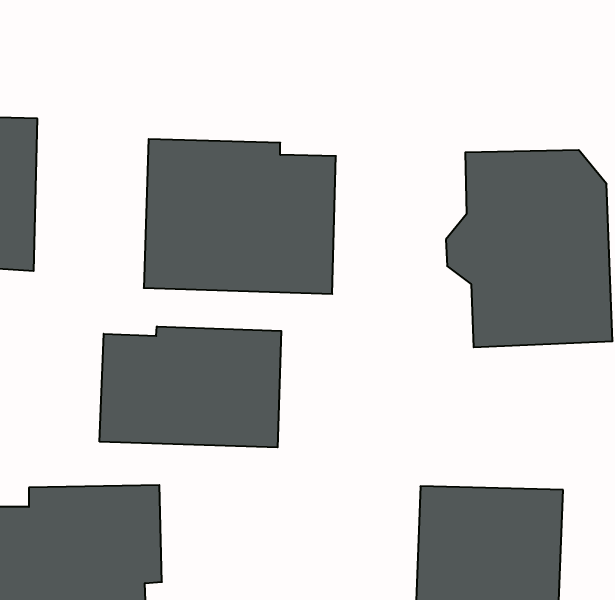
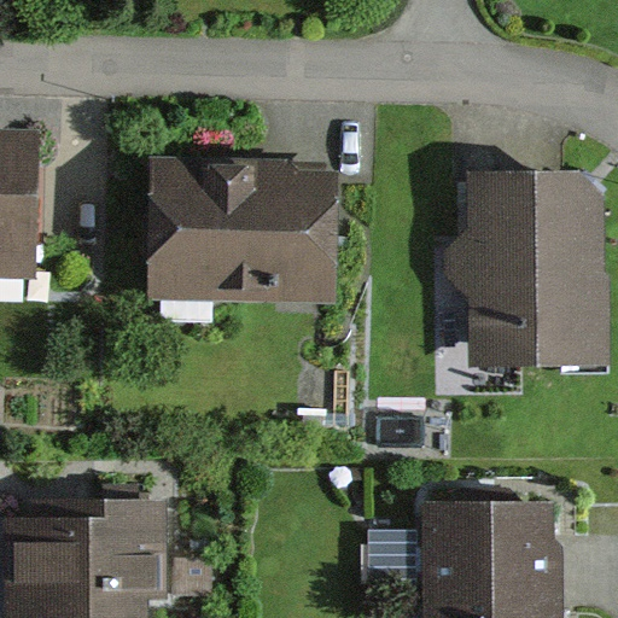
building: [100,326,281,447] -> none

